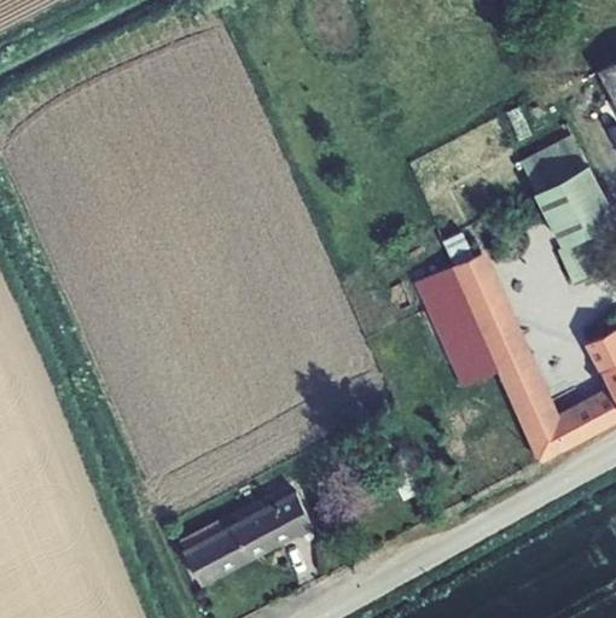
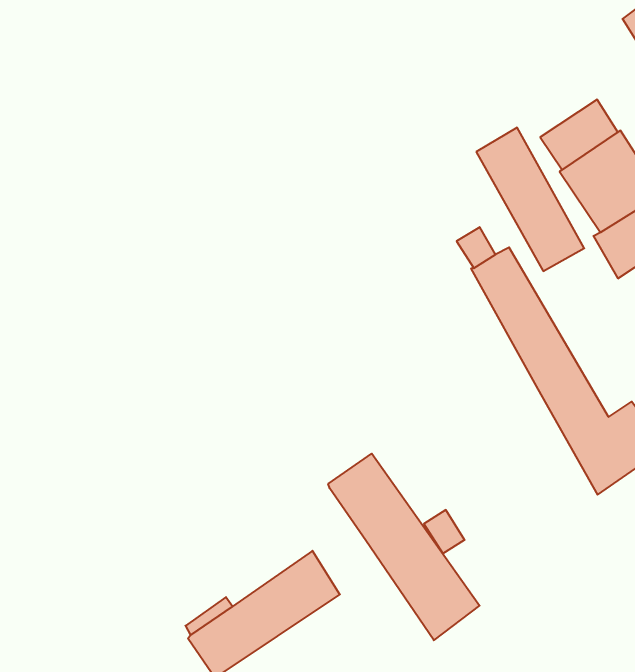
building: [414,267,496,389] -> [476,128,584,271]
building: none -> [328,454,480,640]

